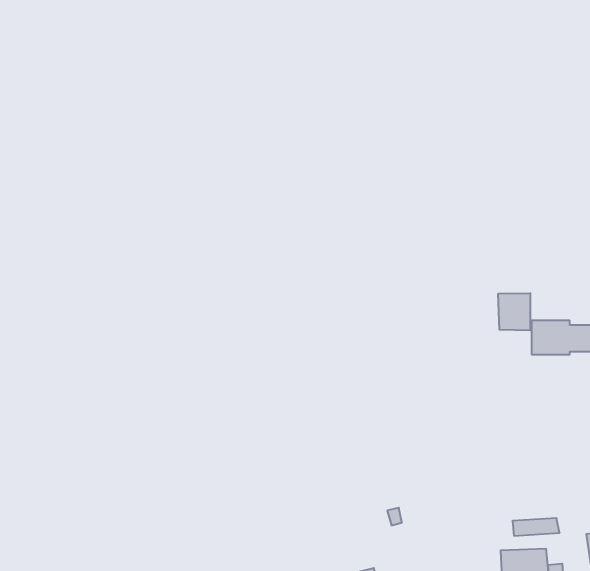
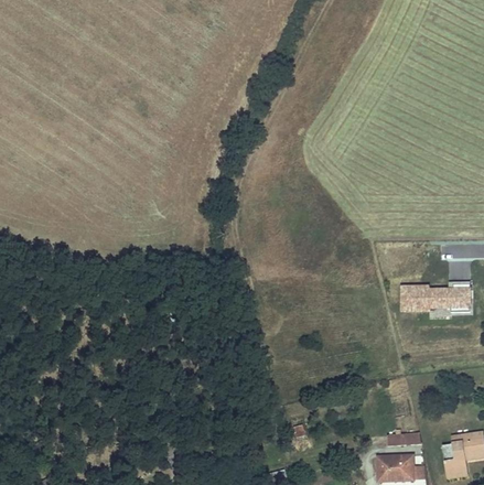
building: [498,293,530,330] -> none

